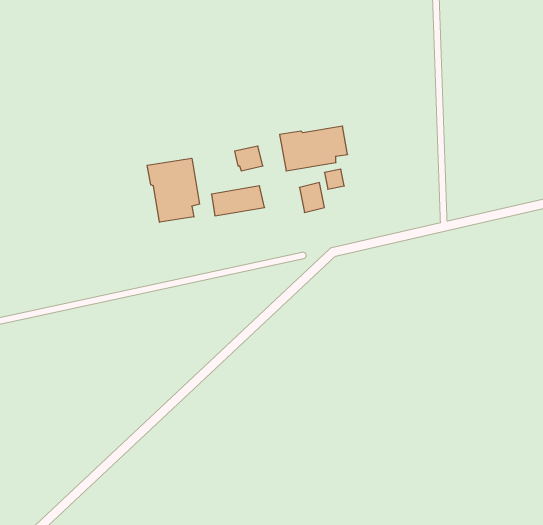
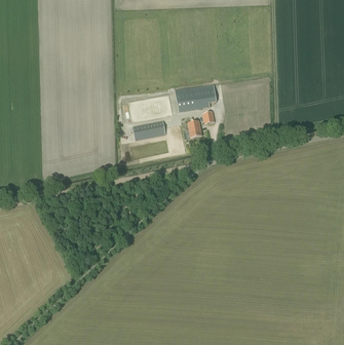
building: [147,158,199,222] -> none

